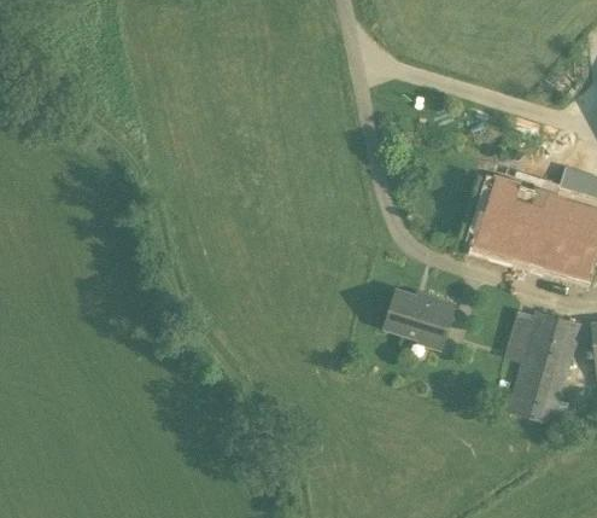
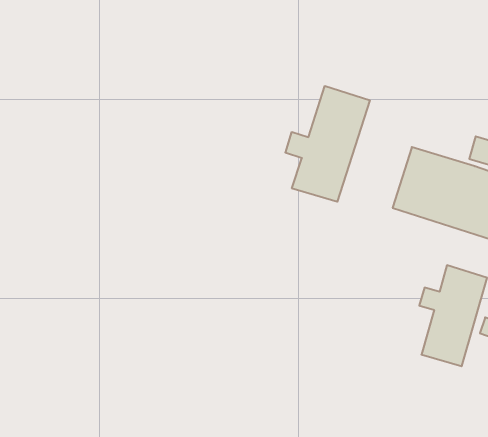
building: none -> [285,86,370,202]
building: [385,290,453,348] -> none

